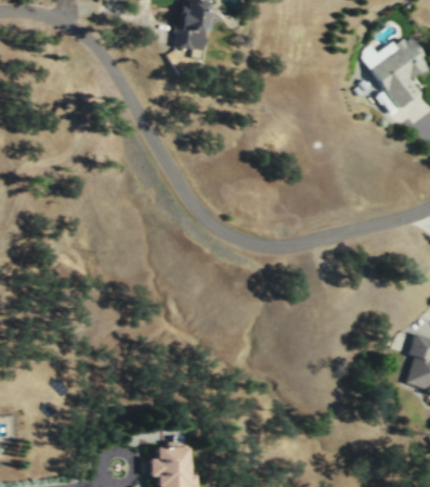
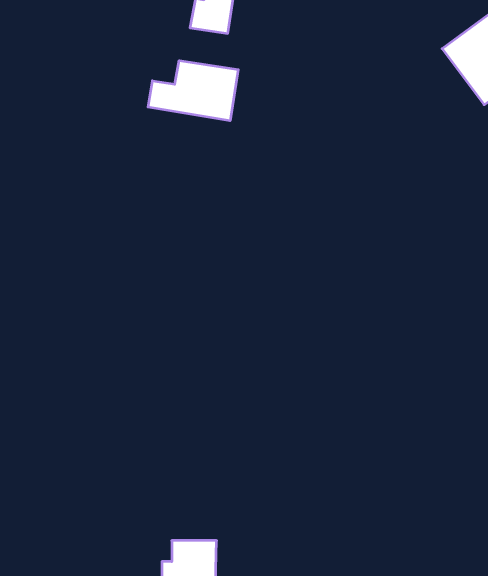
building: none -> [148,61,238,121]

